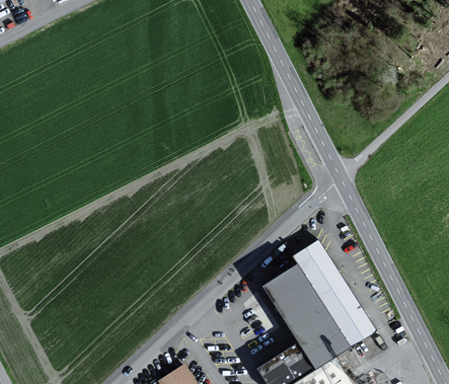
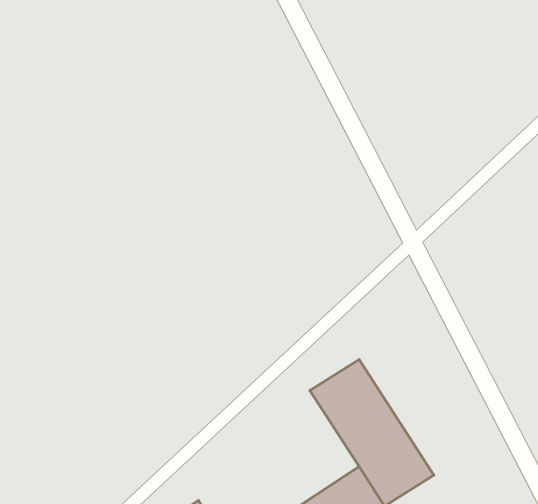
building: [293,240,376,347] -> none

